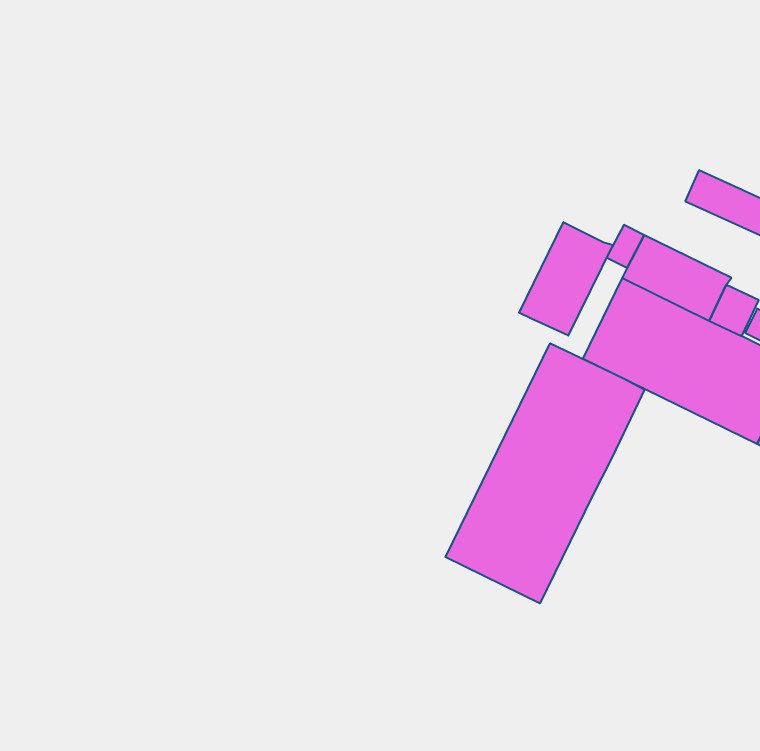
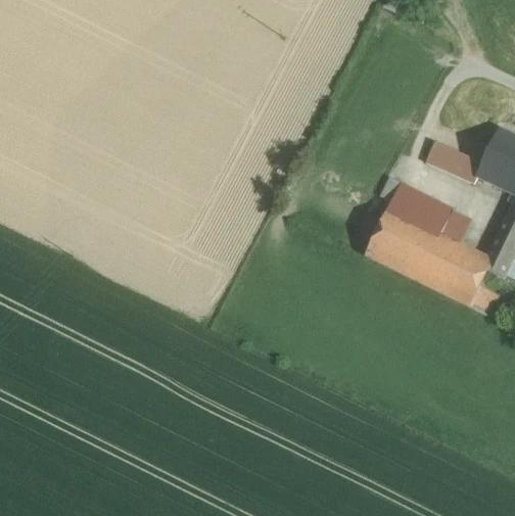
building: [519,222,613,336] -> none
building: [445,343,645,603] -> none

